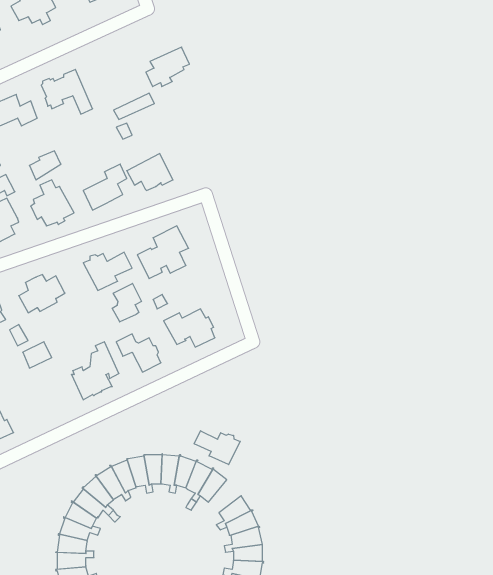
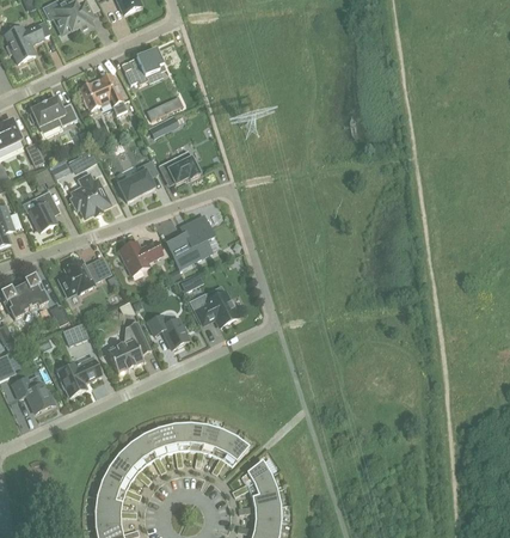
building: [146,47,189,87] -> [123,48,162,84]
building: [112,283,141,322] -> none
building: none -> [57,359,100,396]
building: [194,431,240,465] -> none

